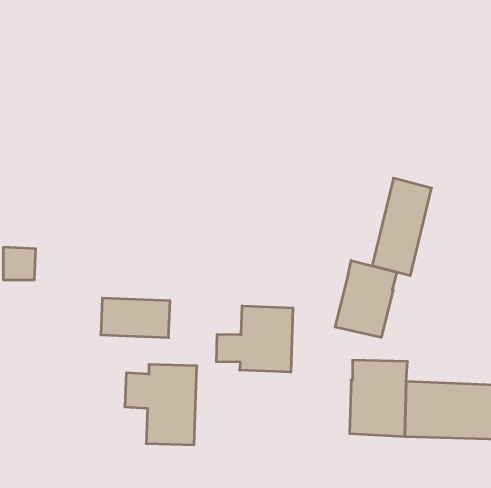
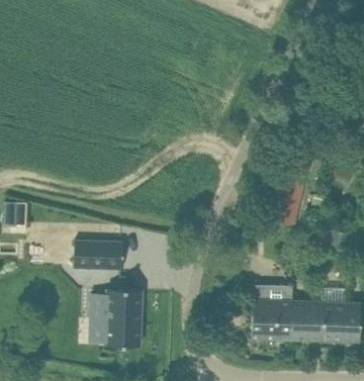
building: [335,260,397,337] -> none
building: [216,306,293,372] -> none

